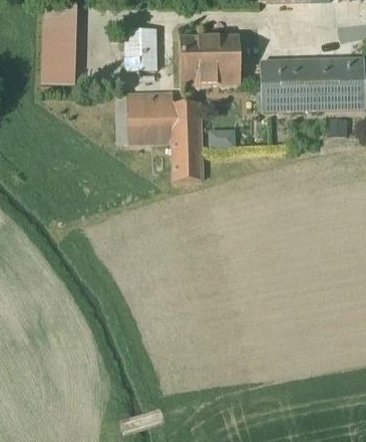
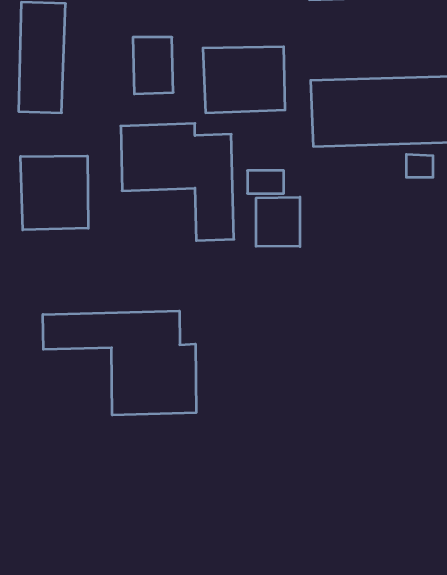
building: none -> [21,156,88,230]
building: none -> [256,197,300,247]
building: none -> [43,311,196,415]

